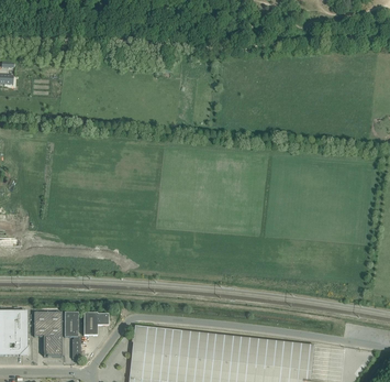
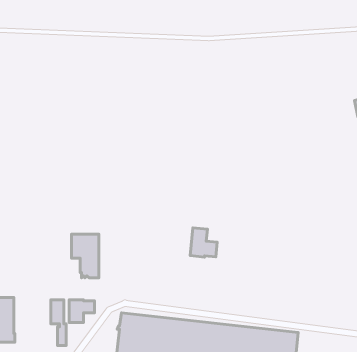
building: none -> [190,228,217,257]
building: [33,312,60,356] -> [72,234,99,278]

